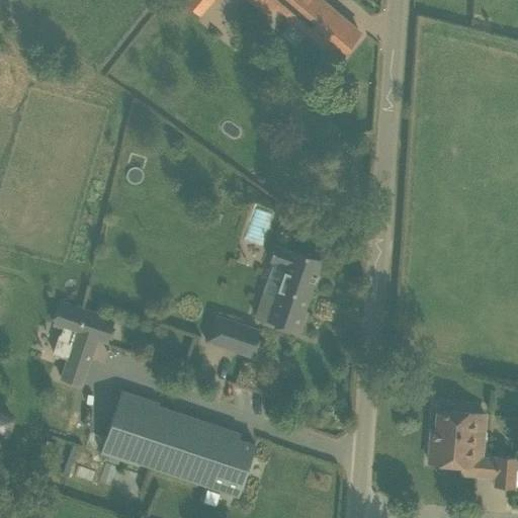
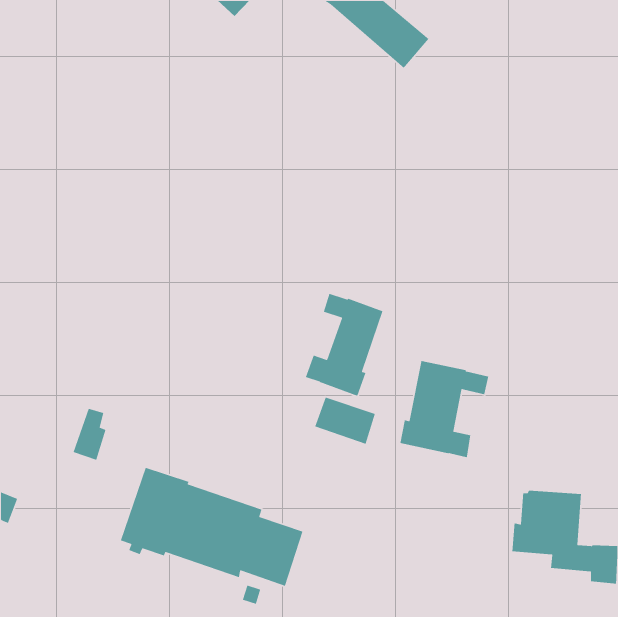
building: none -> [400,360,489,458]
building: [54,303,113,346] -> none
building: [206,317,258,357] -> [314,396,376,445]

